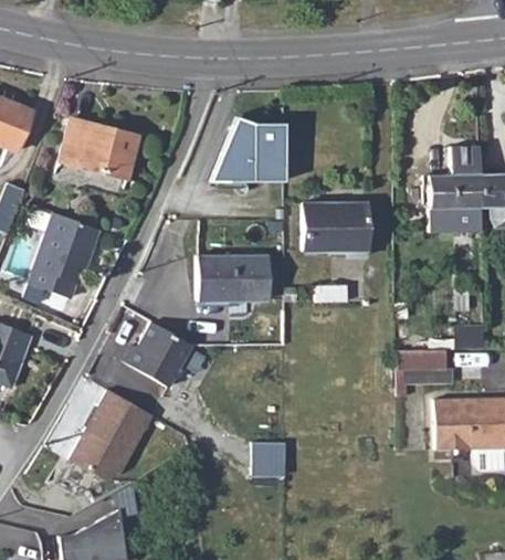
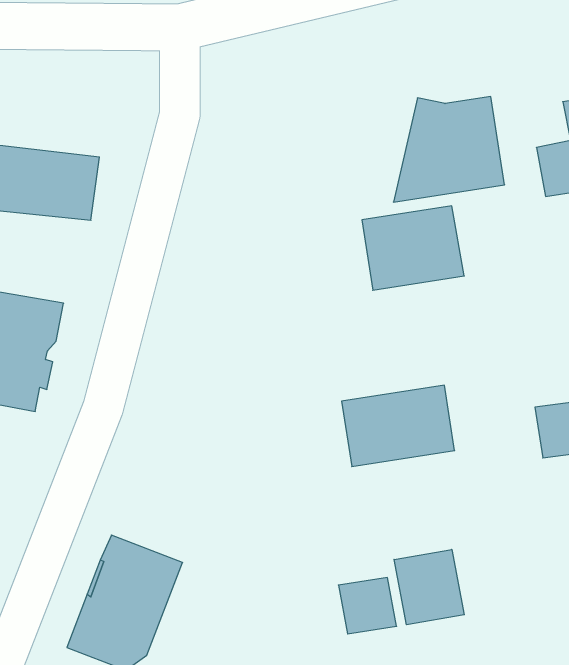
building: [210,115,285,181] -> [393,97,505,202]
building: [200,258,270,303] -> [342,385,455,467]
building: [122,320,192,385] -> none
building: none -> [394,549,464,625]

